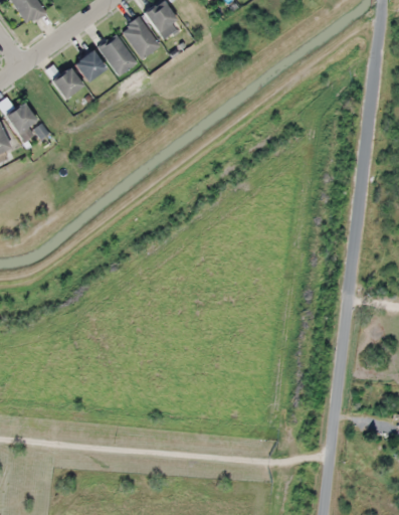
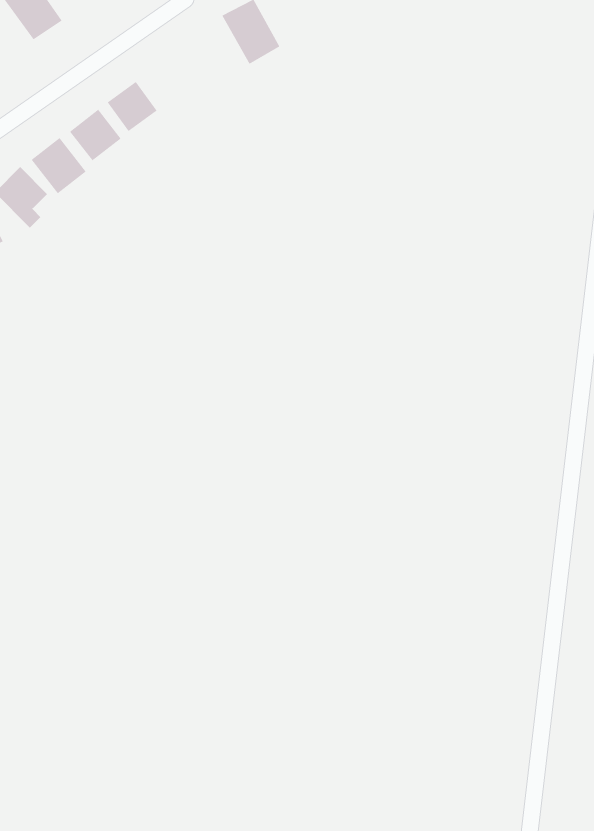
building: [122,16,161,59] -> none
building: [101,35,138,77] -> none
building: none -> [31,137,86,194]

